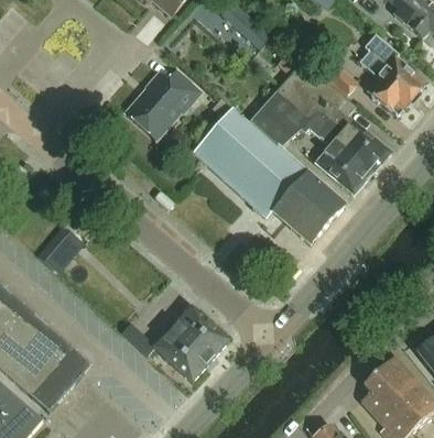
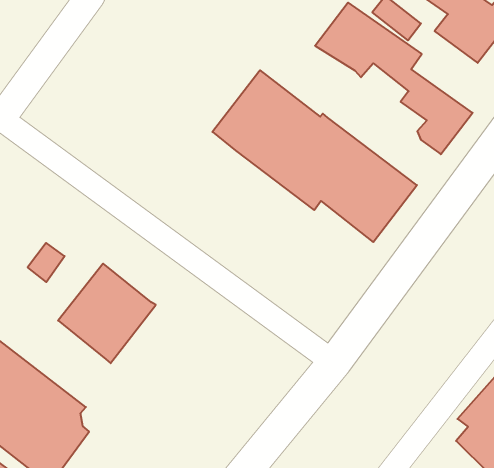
building: [126,70,200,139] -> none
building: [251,94,365,196] -> none
building: [153,306,228,382] -> [58,264,156,363]

